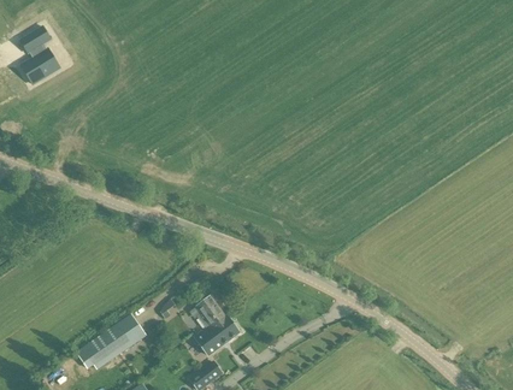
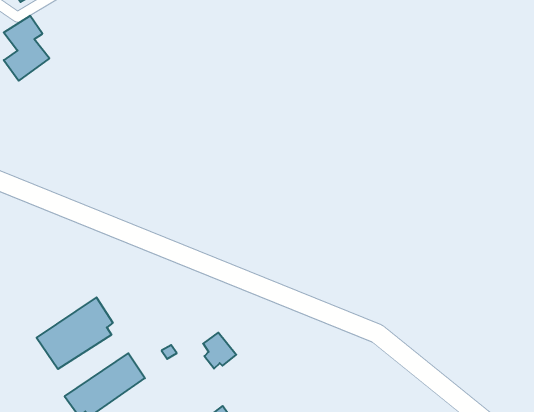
building: none -> [37,297,113,369]
building: [194,314,238,354] -> none

